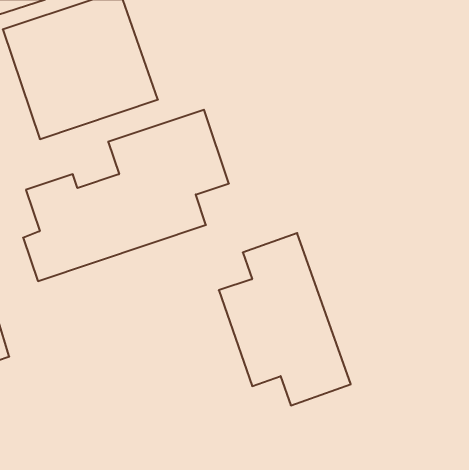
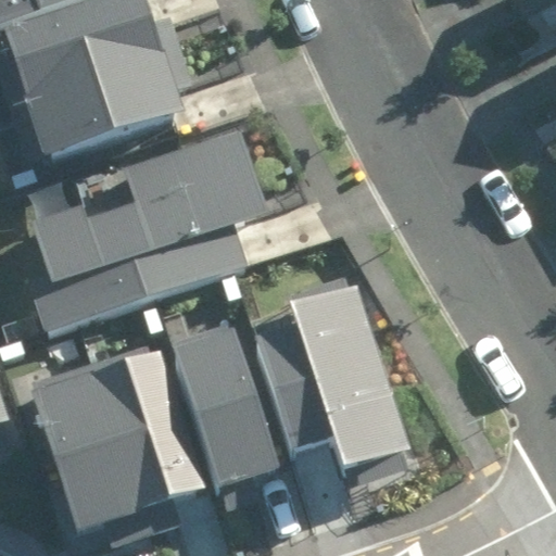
building: none -> [175,324,279,492]
building: none -> [28,343,207,536]

